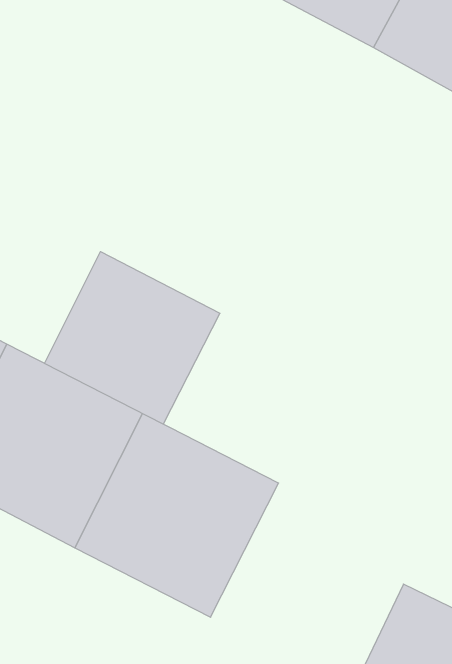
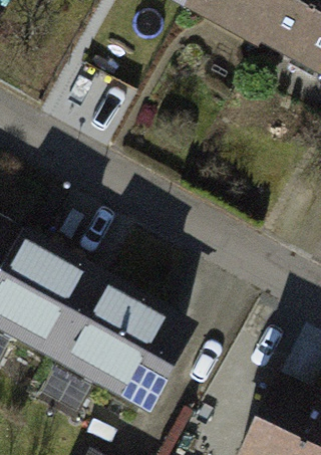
building: [45,252,220,424] -> none

